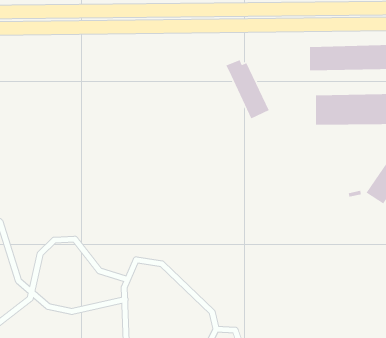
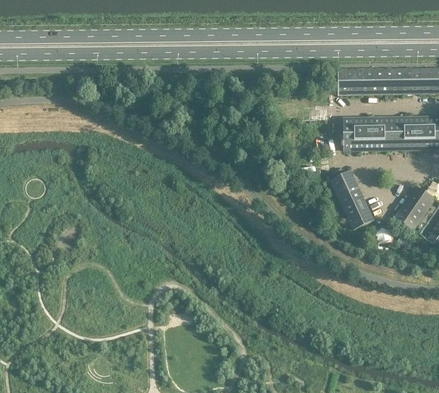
building: [225,59,270,119] -> [327,167,372,228]

